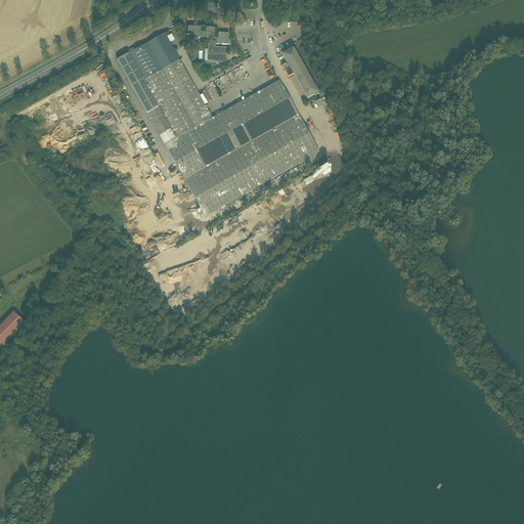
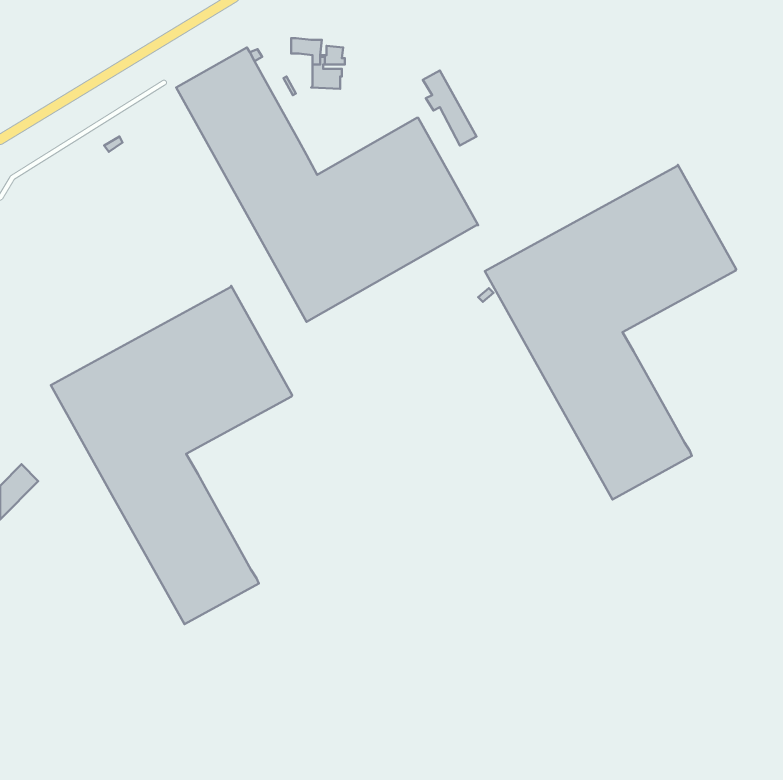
building: none -> [485,165,736,500]
building: none -> [51,286,292,624]

